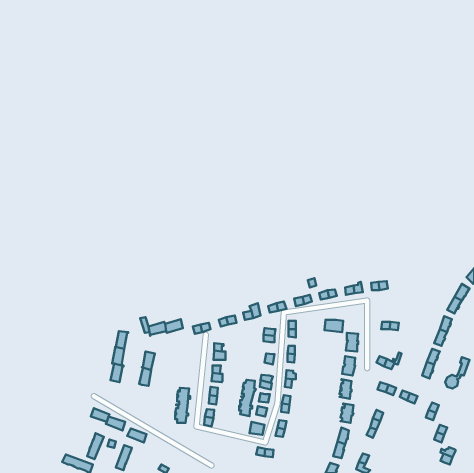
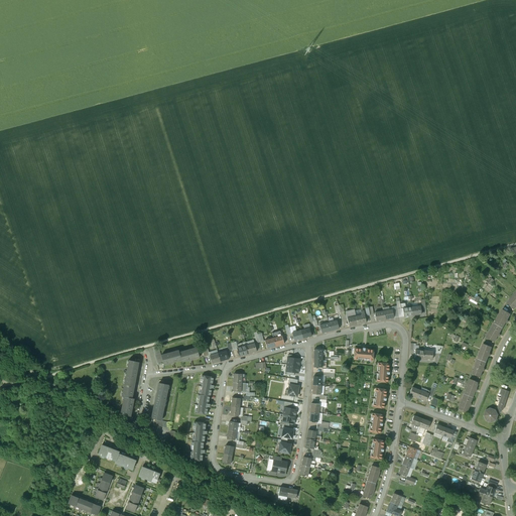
building: [239,380,256,416] -> [196,375,214,414]

